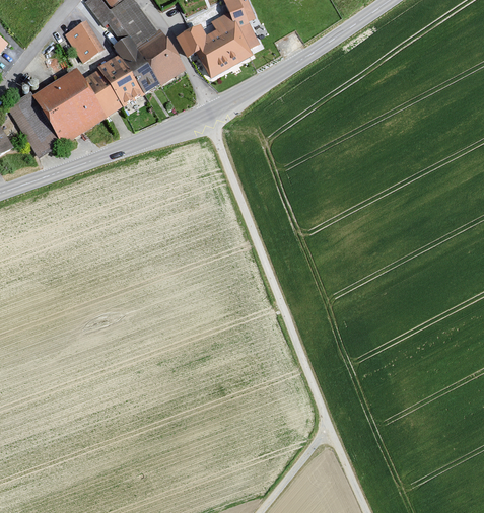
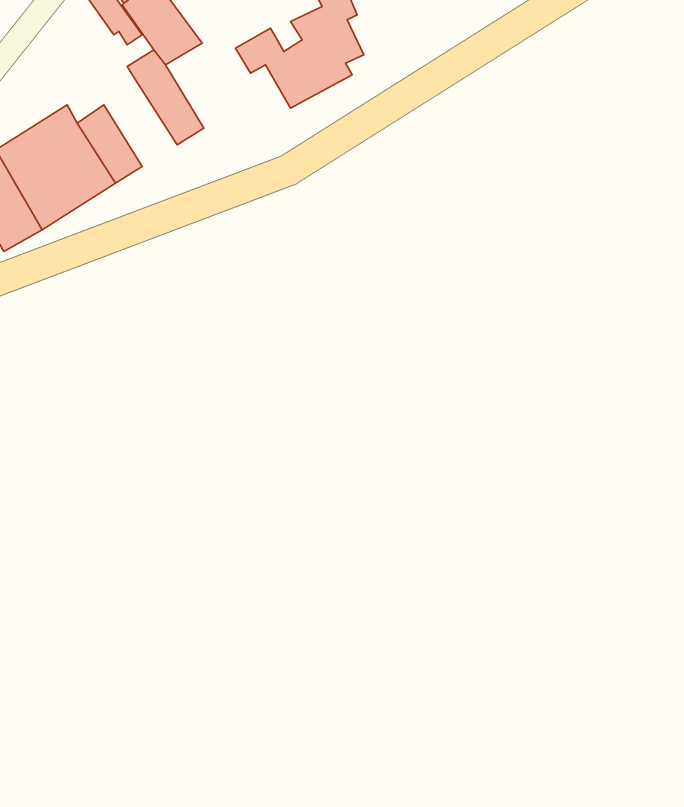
building: [63,20,102,61] -> none
building: [135,30,185,86] -> none
building: [96,55,142,107] -> none

